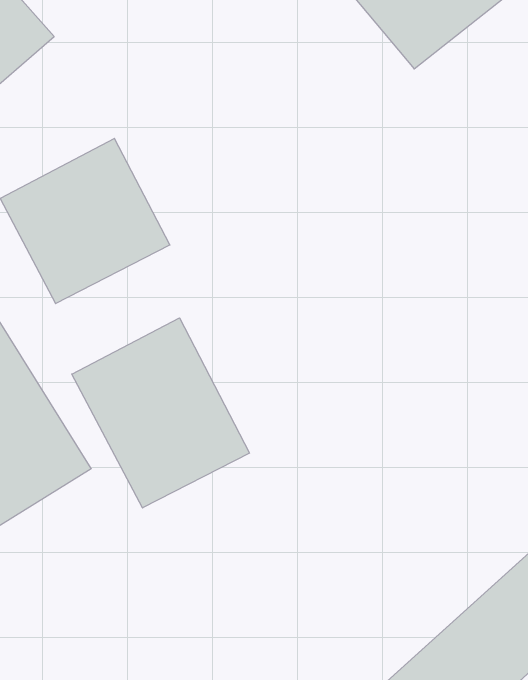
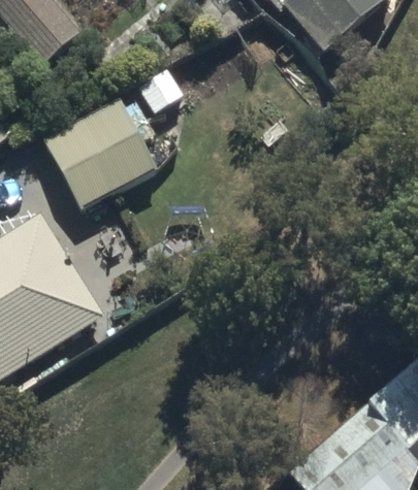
building: [72,318,249,508] -> none

